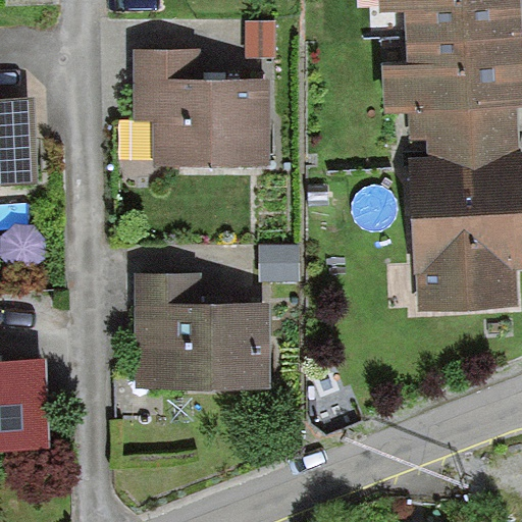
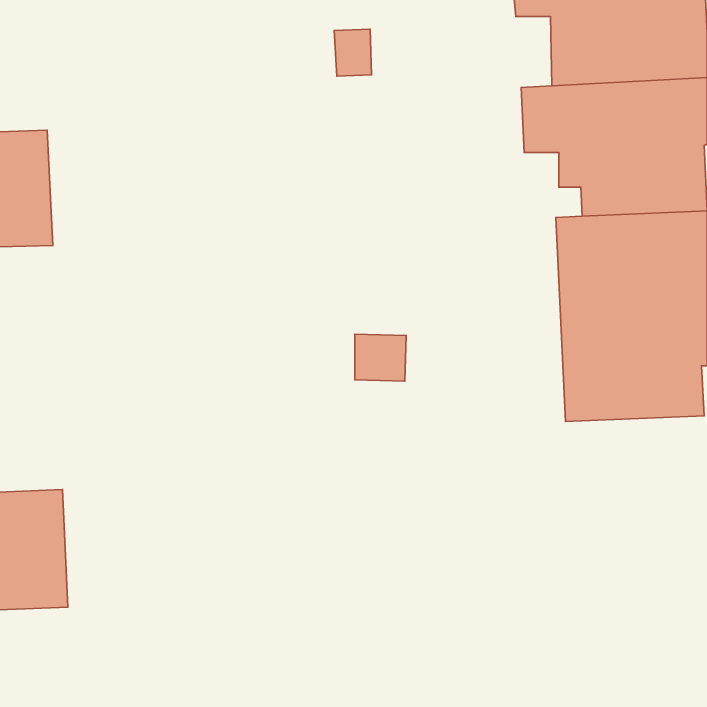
building: [136,49,272,169] -> none
building: [135,274,273,390] -> none

